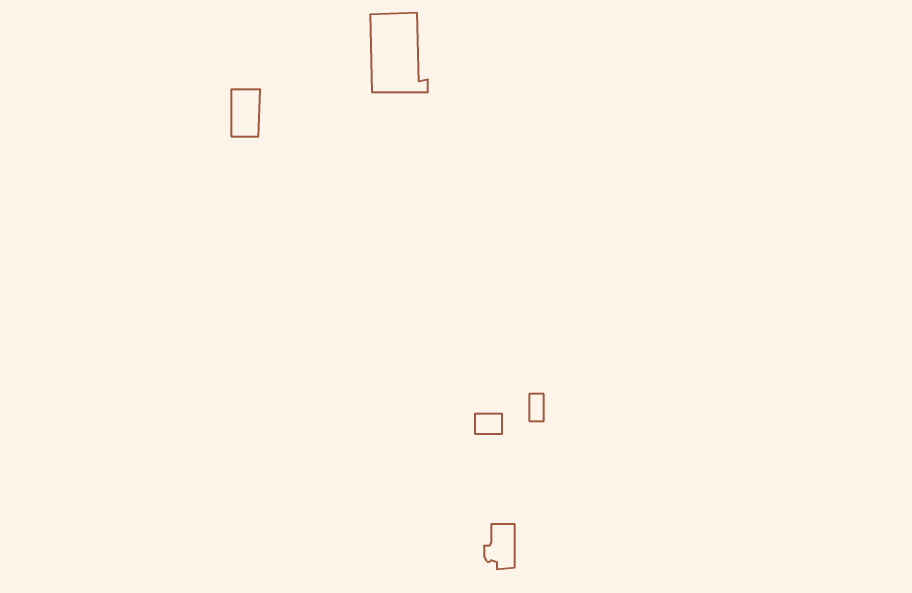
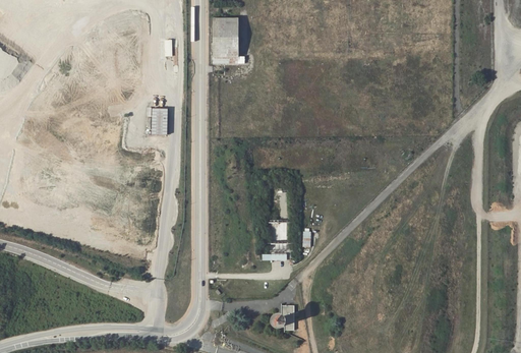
building: [231,89,260,136] -> [151,108,167,134]

